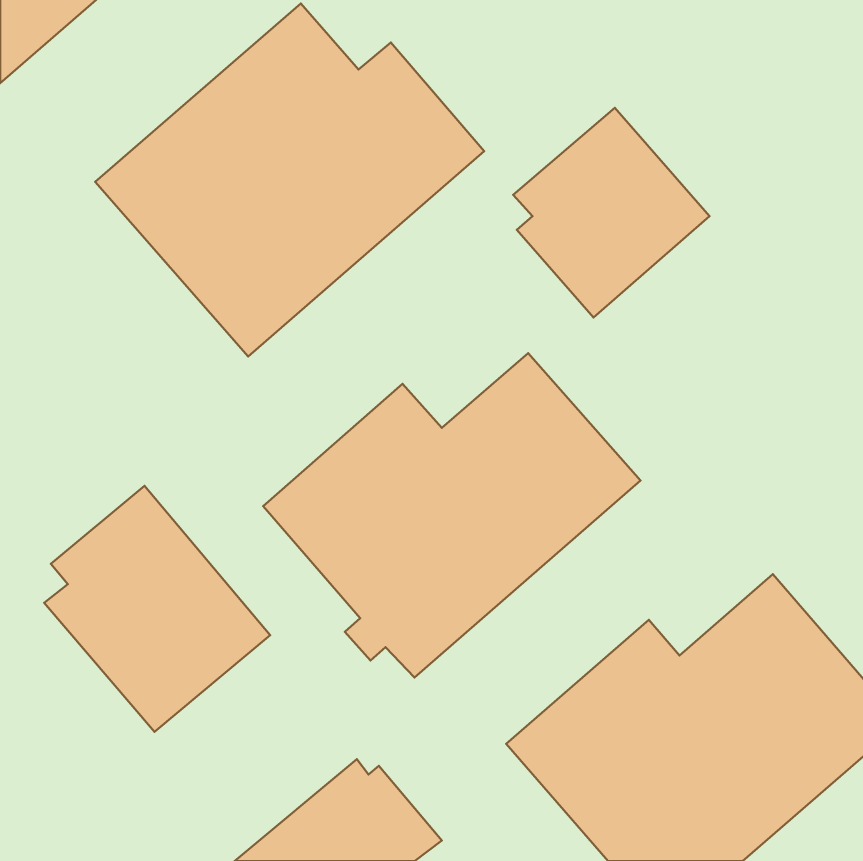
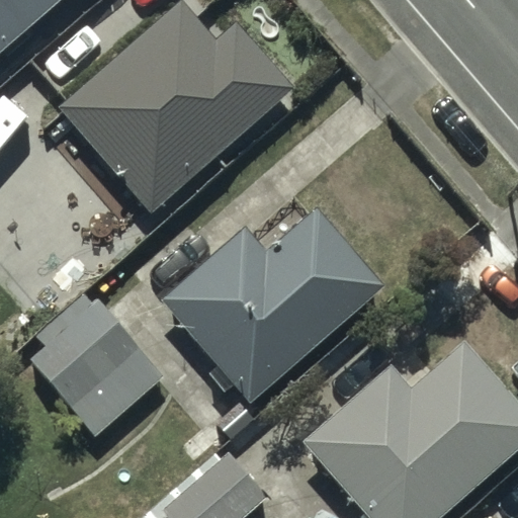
building: [513,108,710,317] -> none

